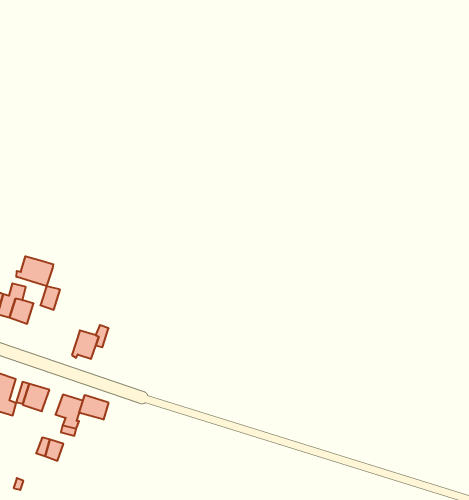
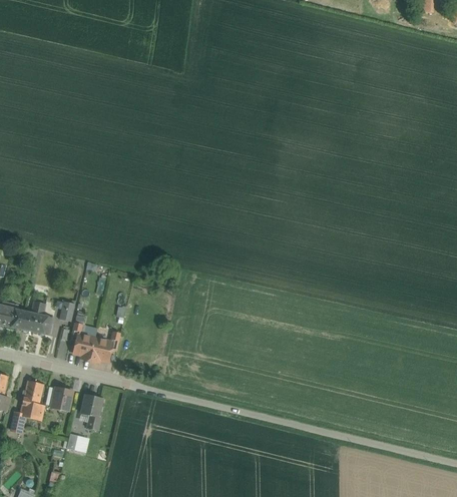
building: [16,256,53,286] -> none
building: none -> [73,333,95,359]
building: [79,395,108,420] -> none

